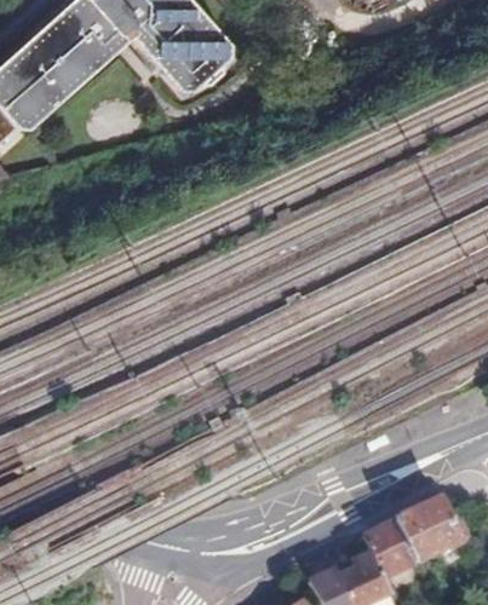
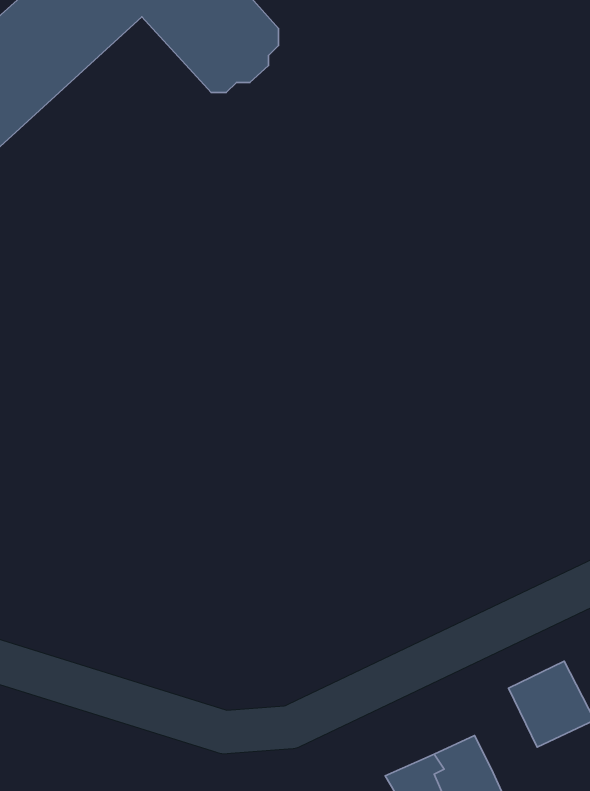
building: [364,518,418,576] -> none

